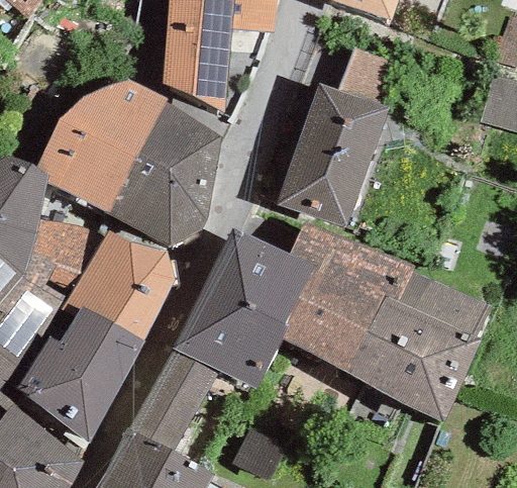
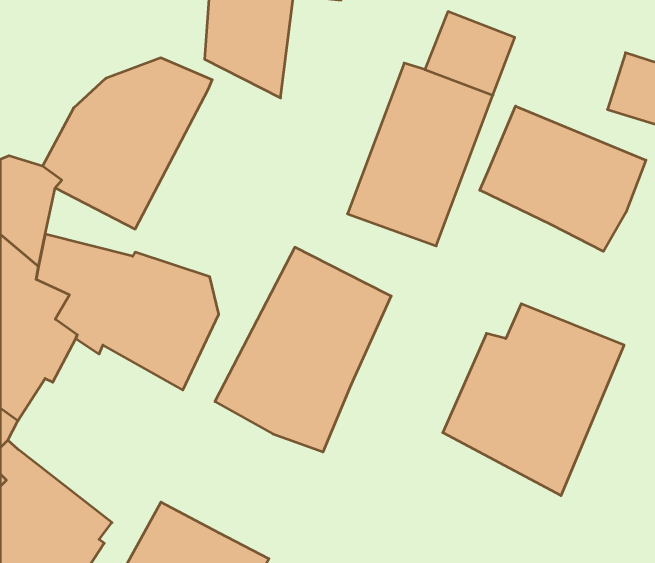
building: [108,99,230,248] -> none
building: none -> [480,106,646,251]
building: [278,223,414,374] -> none
building: [16,305,145,445] -> none
building: [128,350,216,453] -> none

